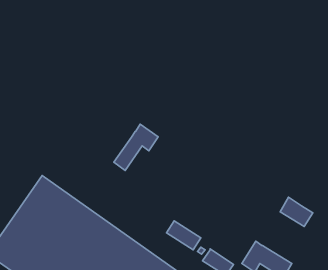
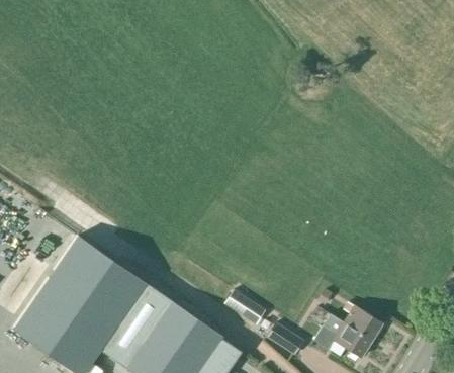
building: [114,124,158,171] -> none
building: [280,197,313,226] -> [344,305,382,340]

